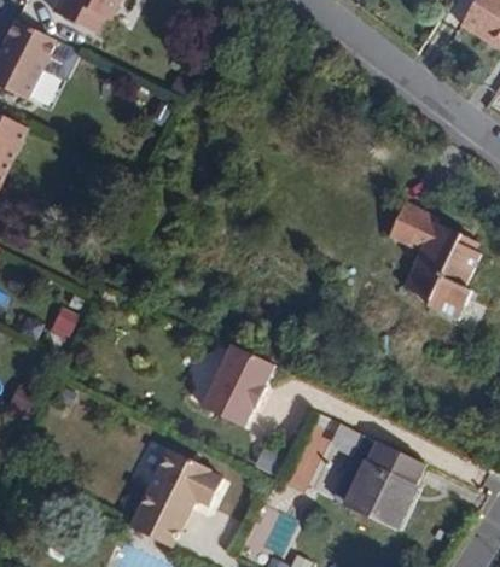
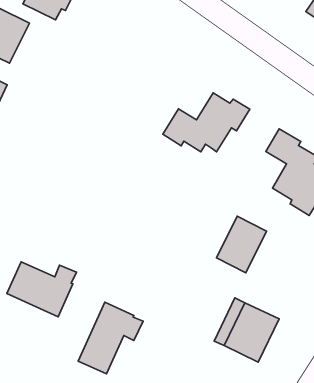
building: none -> [163,93,250,152]
building: [199,345,272,427] -> [216,216,267,273]
building: none -> [7,262,77,317]

